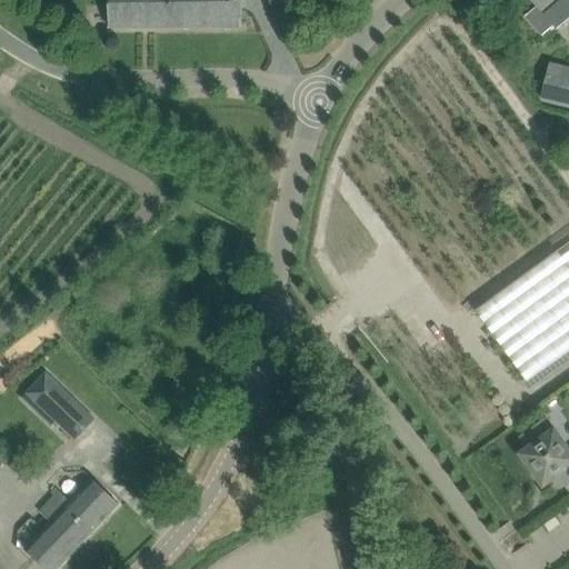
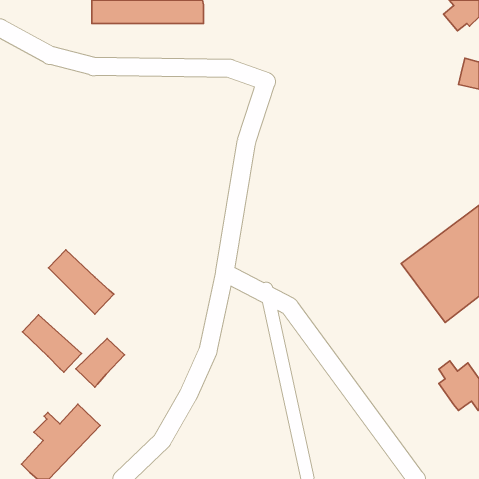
building: none -> [49,250,114,314]
building: none -> [76,338,124,387]

